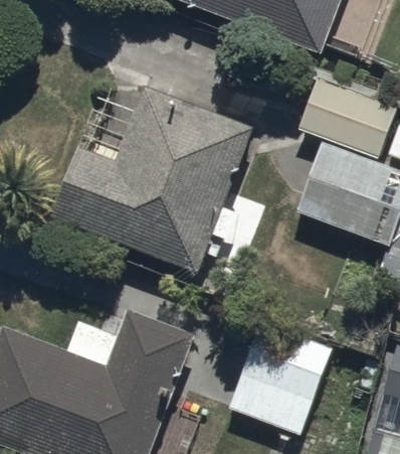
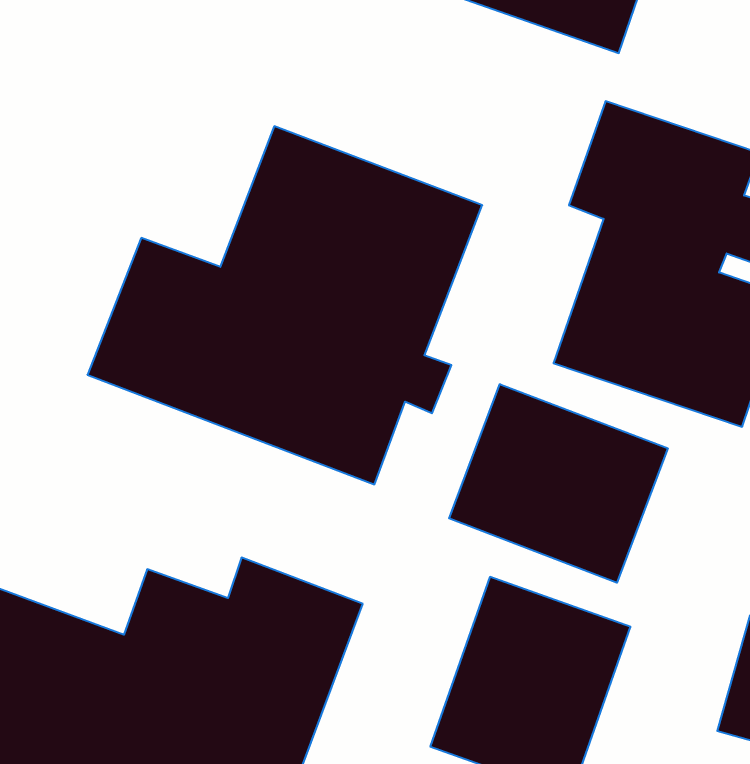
building: none -> [449,384,668,583]

